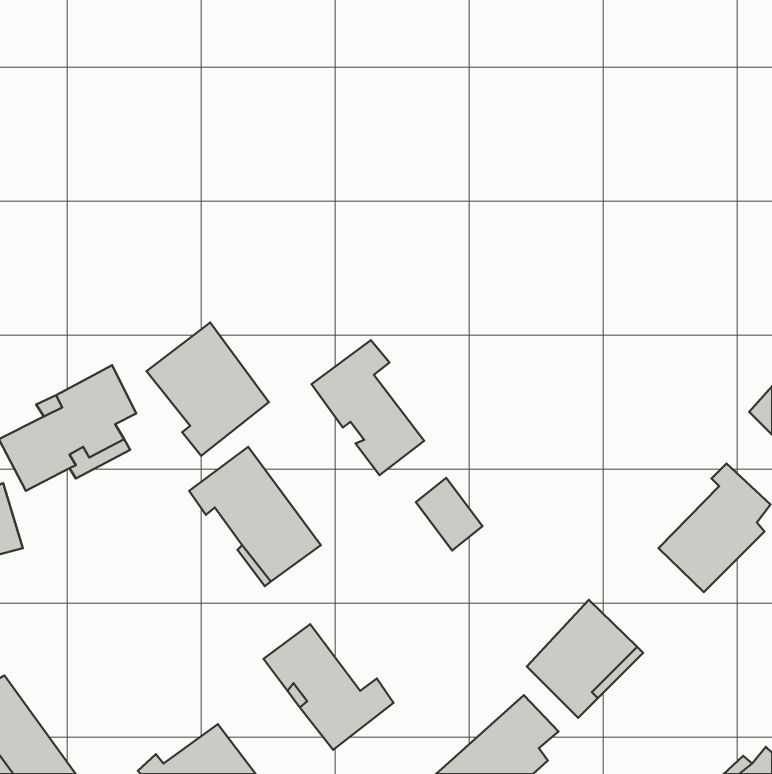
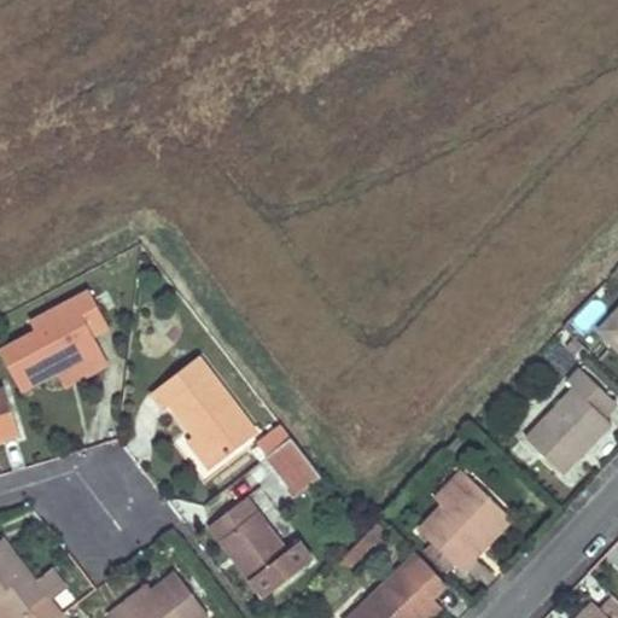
building: [146,322,269,456] -> none
building: [311,340,424,475] -> none
building: [416,478,483,551] -> [266,438,319,496]

